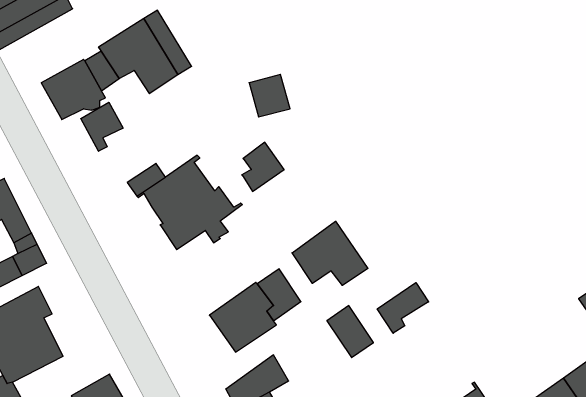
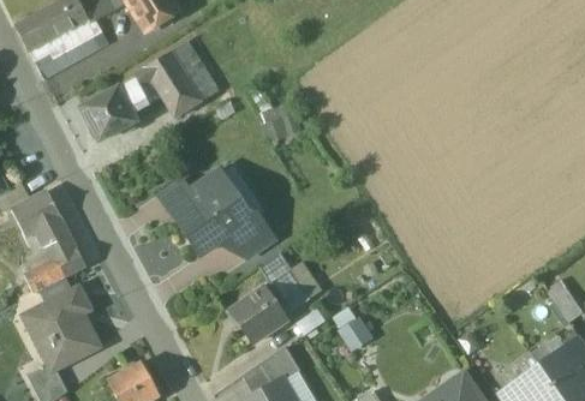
building: [81,102,123,151] -> none
building: [242,142,284,191] -> [237,214,274,257]
building: [292,221,368,285] -> none
building: [377,283,429,333] -> none

